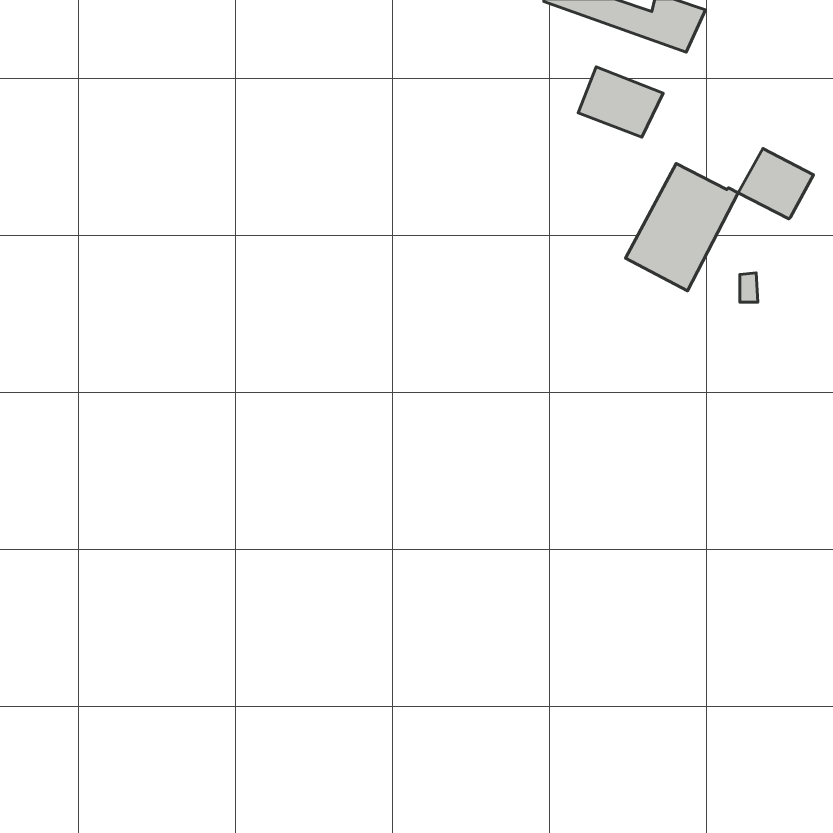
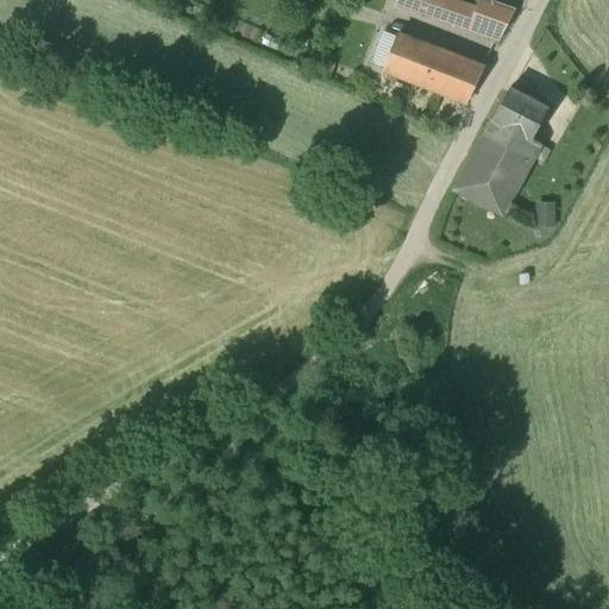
building: none -> [384,34,435,82]
building: [738,149,813,219] -> [494,87,548,138]

